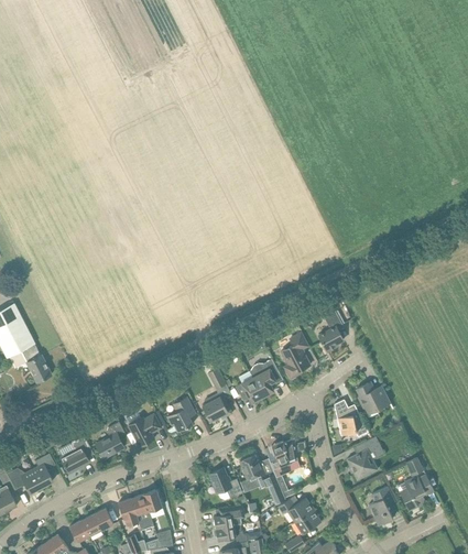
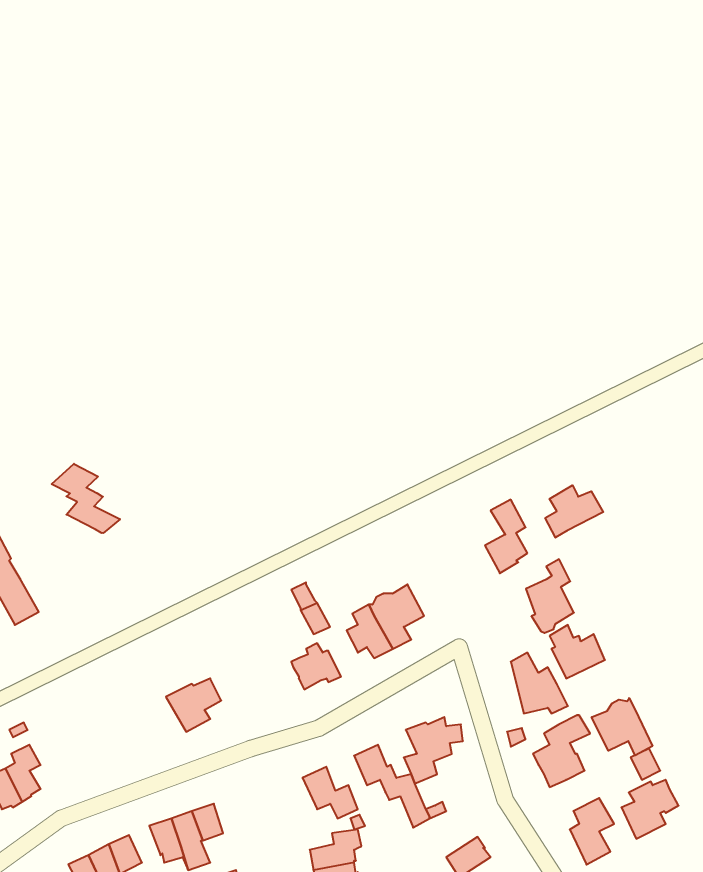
building: none -> [52,464,120,533]
building: none -> [545,485,603,538]
building: [281,333,309,377] -> [526,559,574,633]
building: [167,397,196,433] -> none
building: [96,421,126,458] -> none
building: none -> [592,698,652,755]
building: [61,435,90,474] -> none
building: [279,498,314,521] -> none

